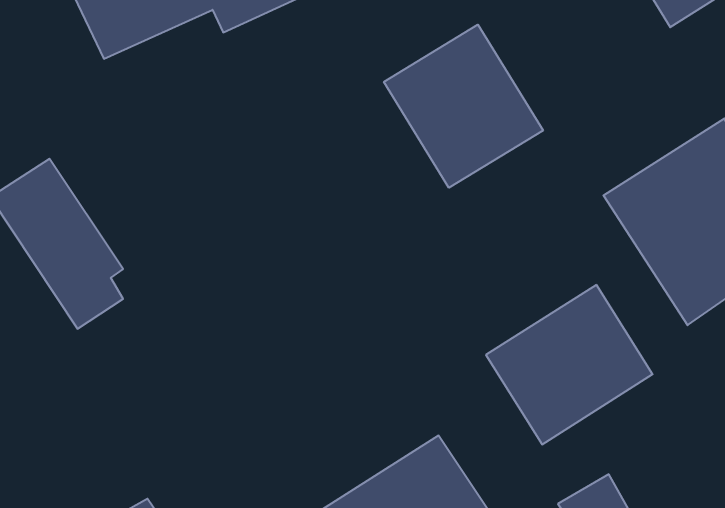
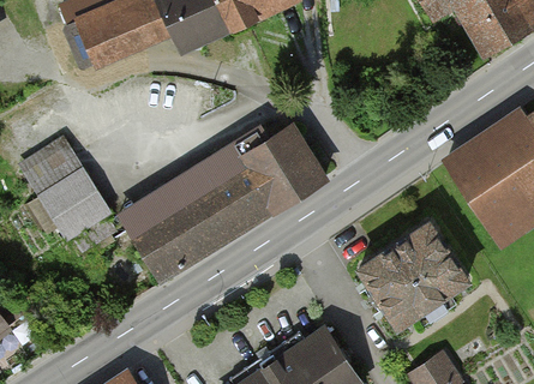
building: [384,25,543,188] -> none
building: none -> [125,126,326,281]

